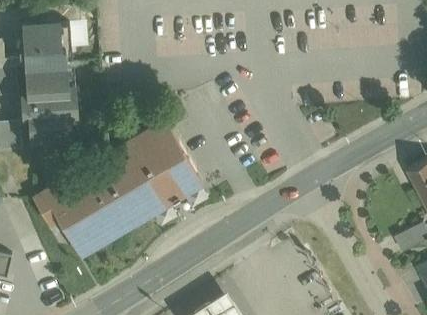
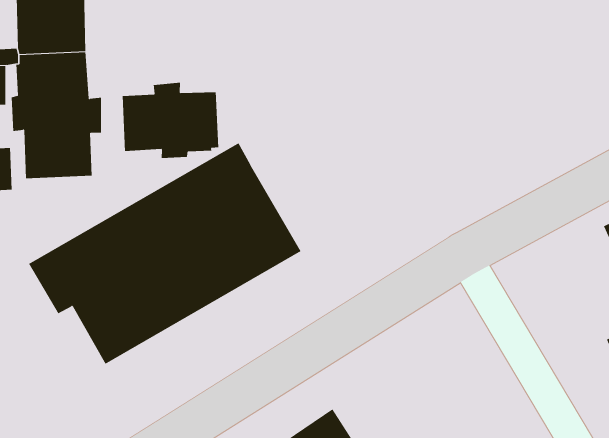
building: none -> [122,82,219,159]

